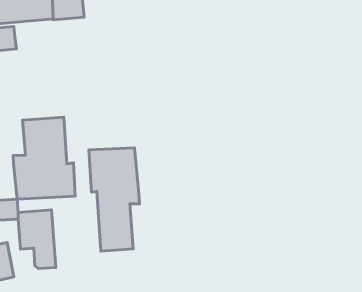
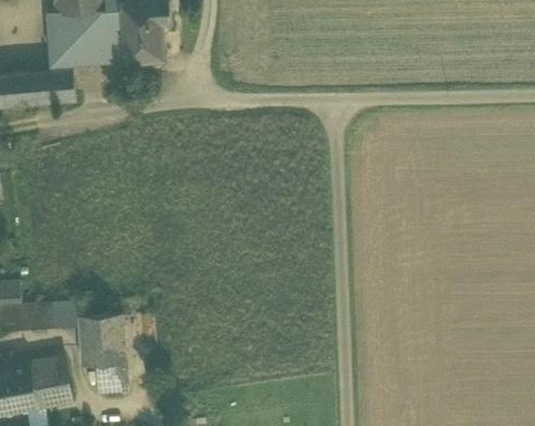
building: [13,117,75,199] -> none
building: [89,148,139,251] -> none

